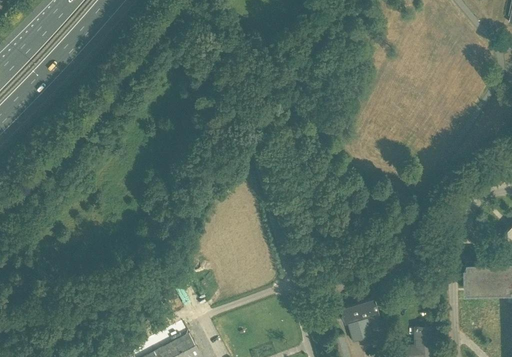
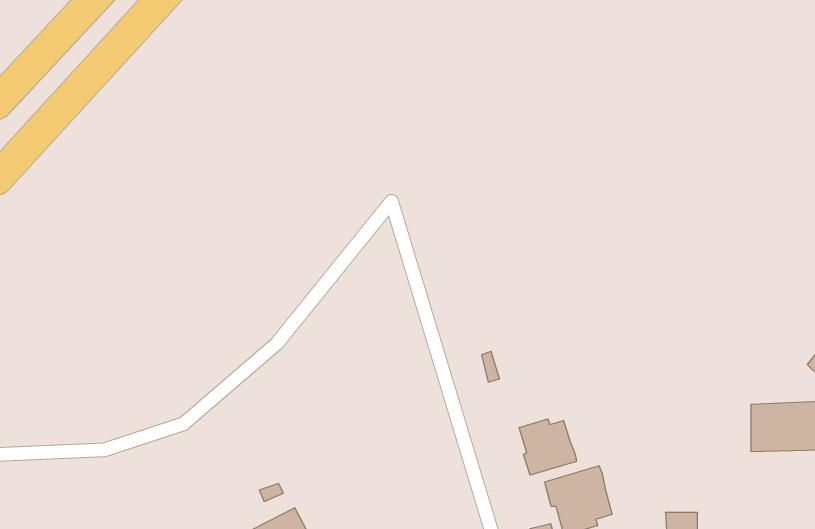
building: none -> [519,419,577,475]

